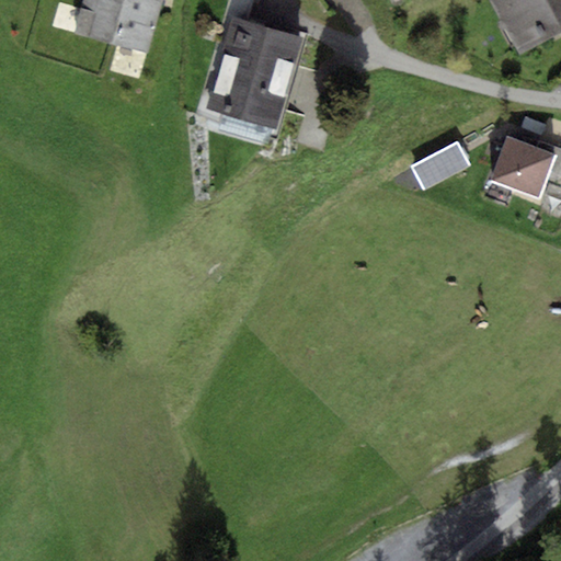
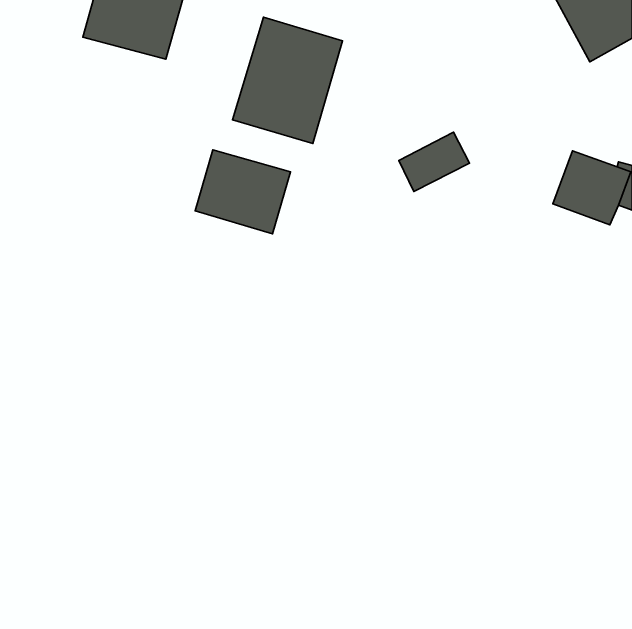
building: none -> [195,150,291,234]
building: [410,138,472,191] -> [399,132,469,192]

